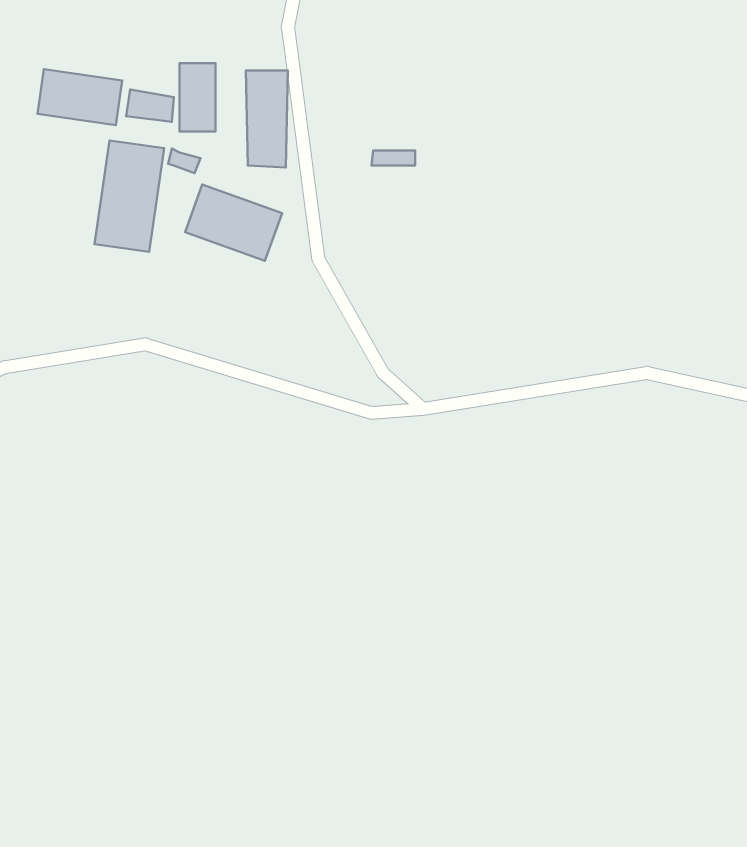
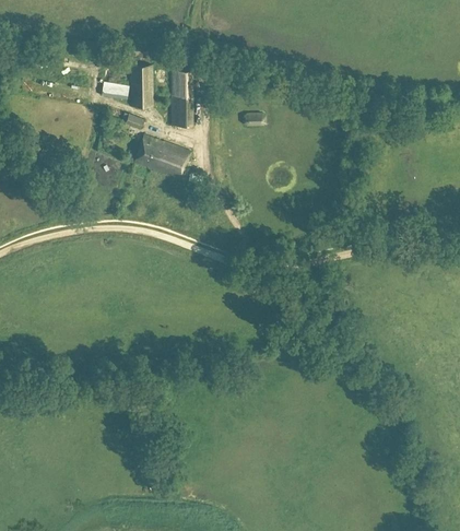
building: [37,69,122,125] -> none
building: [95,140,164,252] -> none

